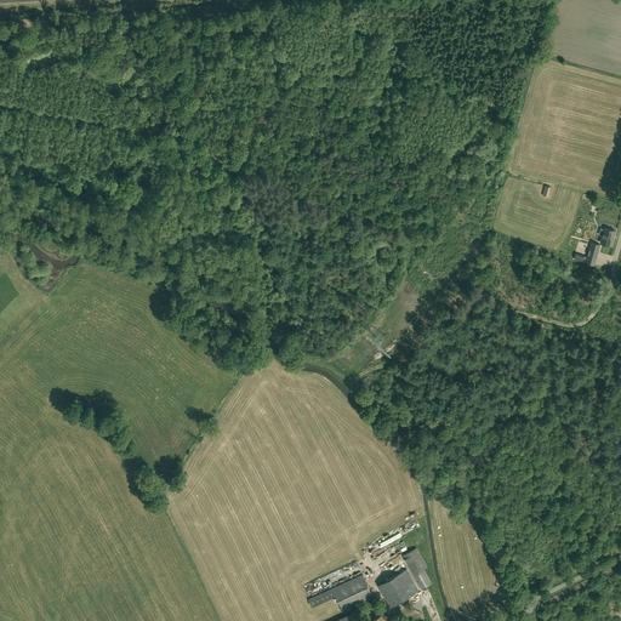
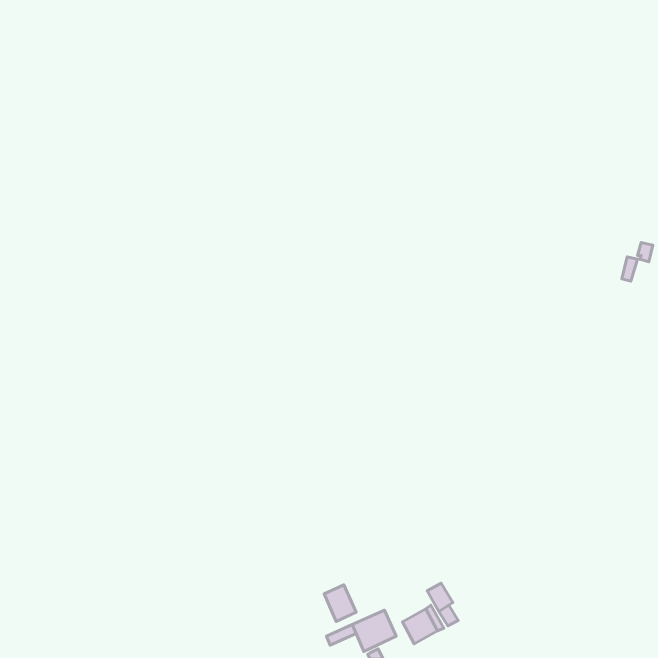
building: none -> [324,585,356,622]

